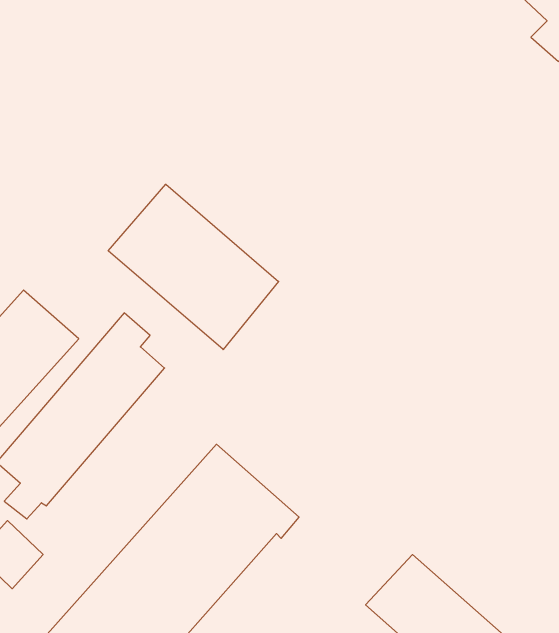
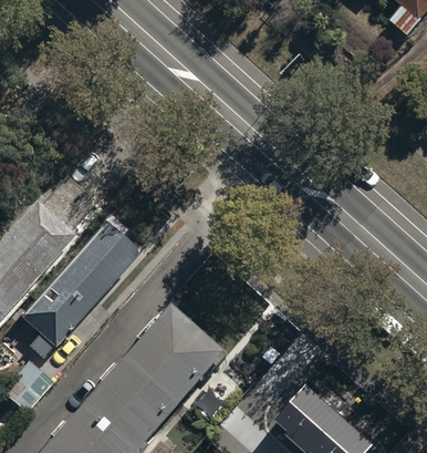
building: [108,184,279,350] -> none

